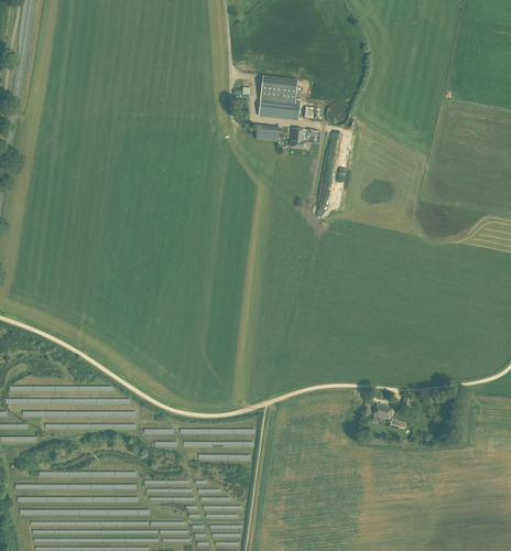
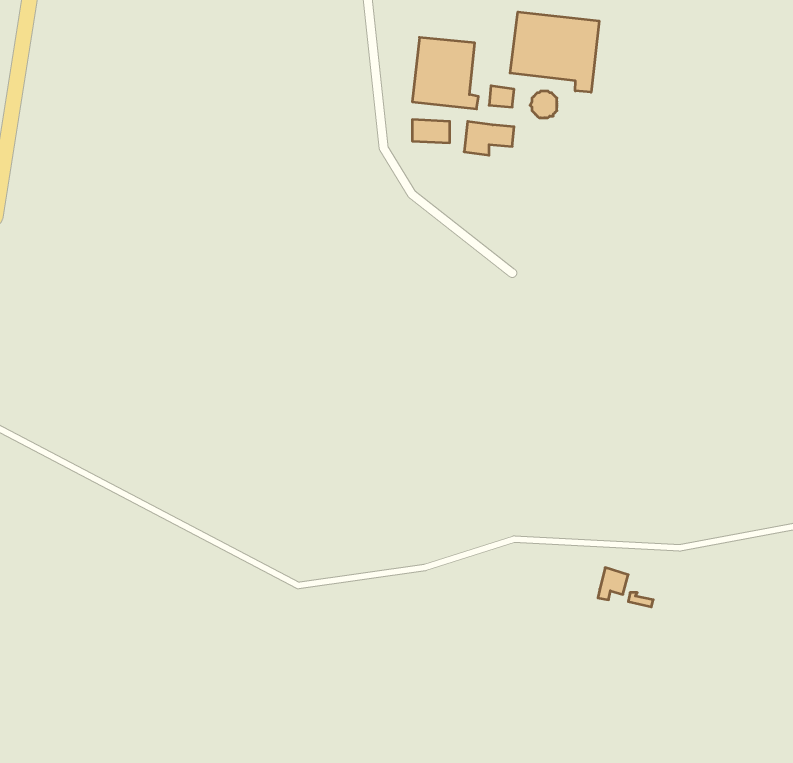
building: none -> [510,12,599,92]

